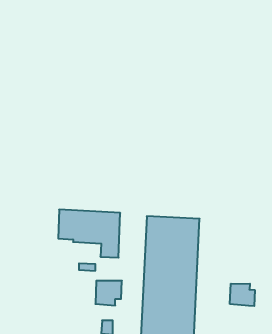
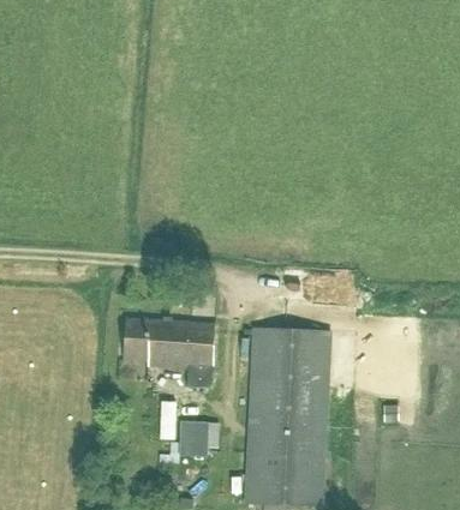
building: [230,284,255,306] -> none

